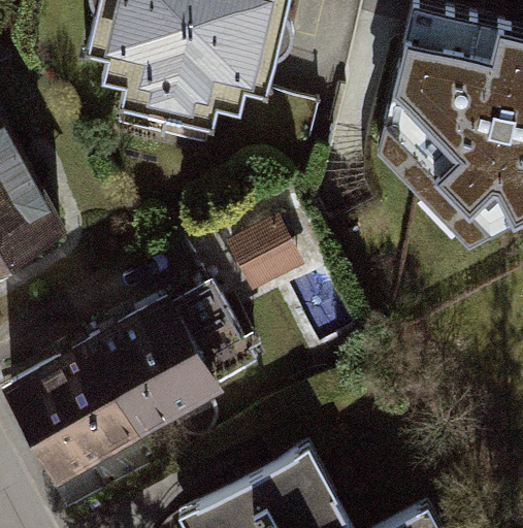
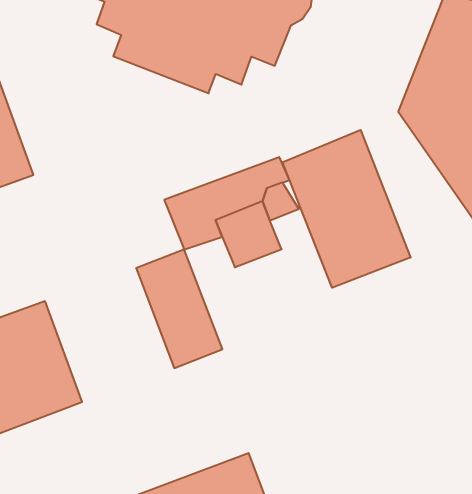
building: none -> [282,130,411,288]
building: [90,303,217,432] -> none

